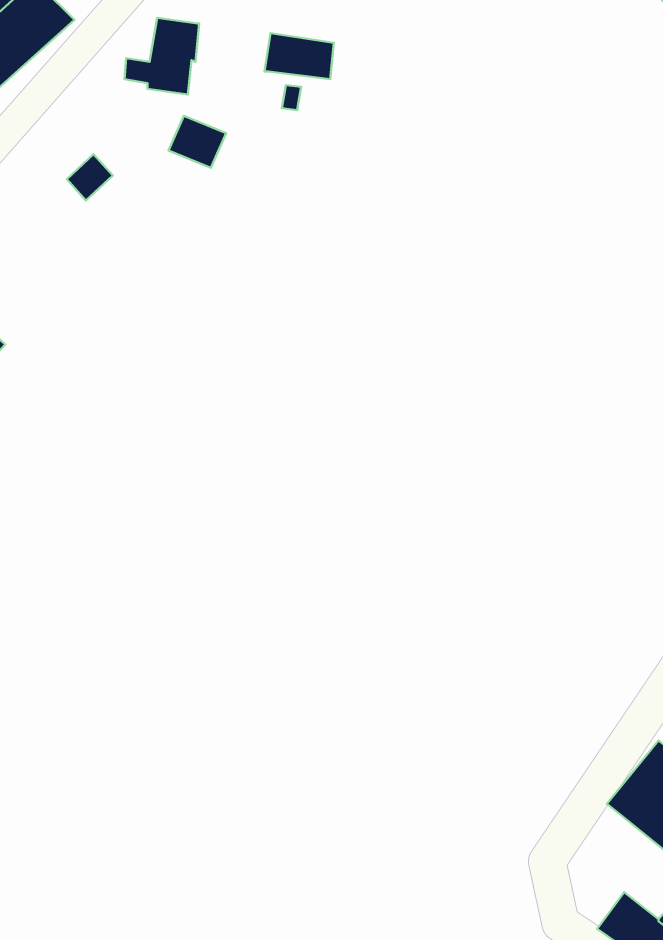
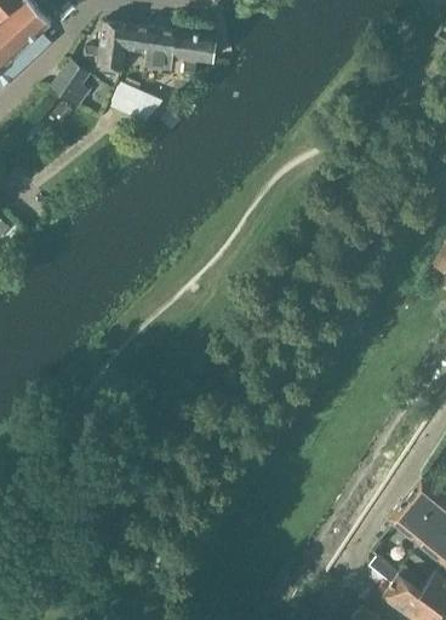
building: none -> [128,25,176,75]
building: none -> [51,59,90,105]

